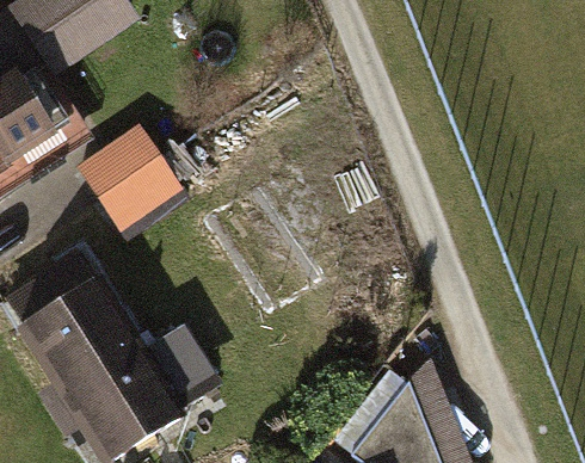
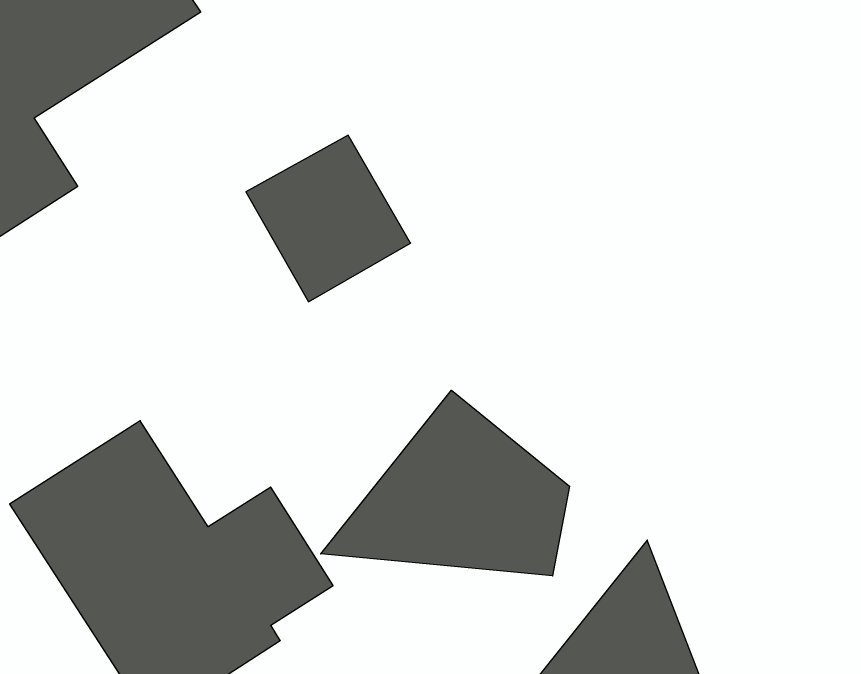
building: [76,123,180,228] -> [246,135,411,302]
building: none -> [321,390,570,576]

